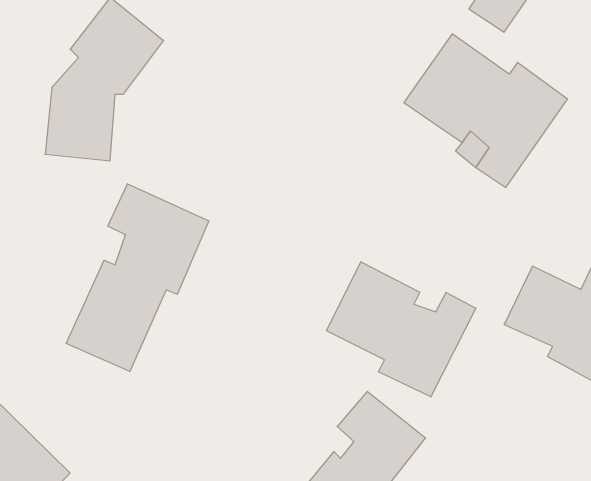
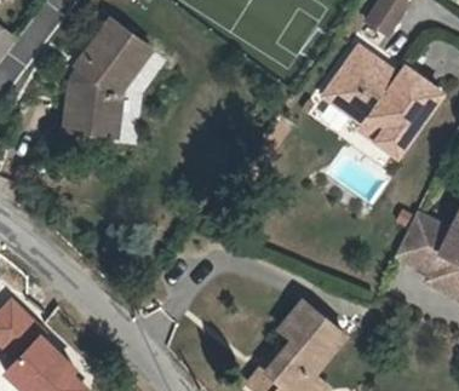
building: [66,184,209,372] -> none
building: [326,262,476,397] -> none

